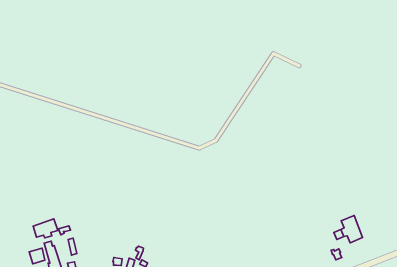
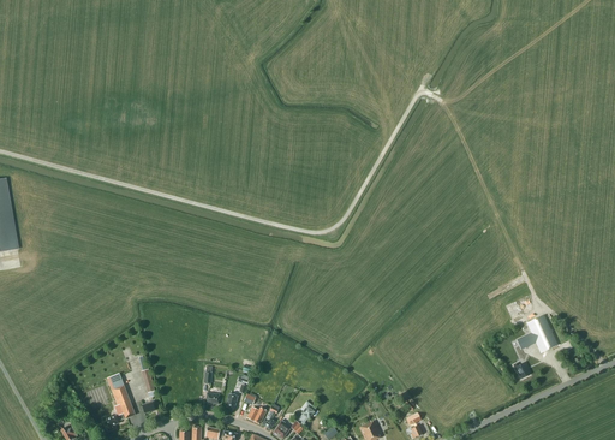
building: [33,219,58,238] -> none

